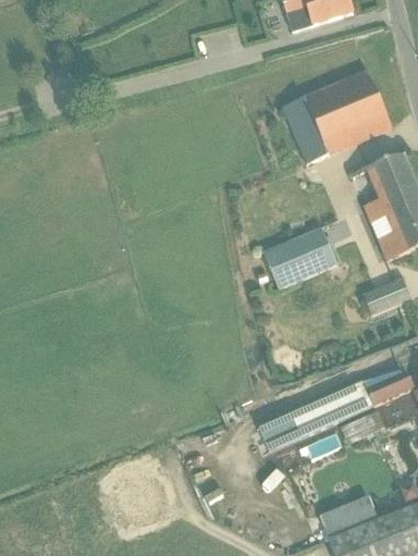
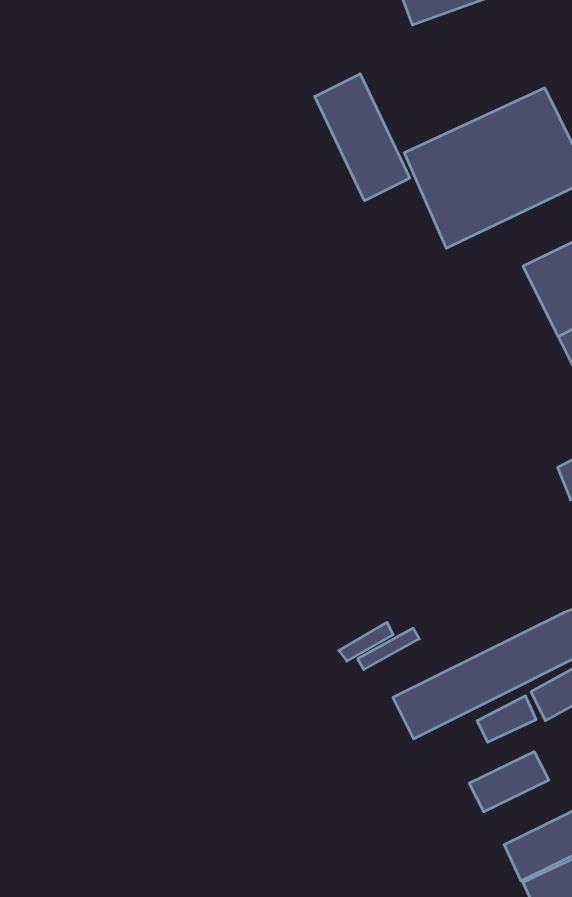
building: none -> [315,74,410,201]
building: [262,227,336,288] -> none
building: none -> [469,752,549,812]

